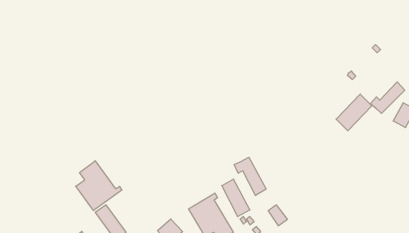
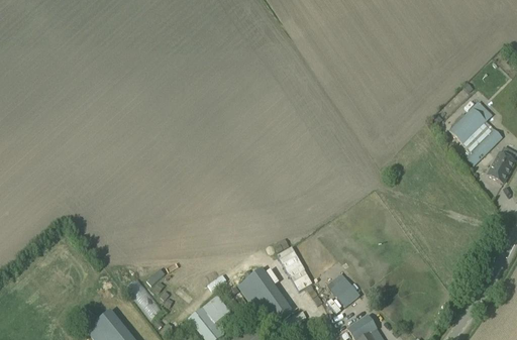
building: [336,94,372,131] -> [448,101,492,145]
building: [234,157,266,196] -> none
building: [76,161,122,211] -> none

